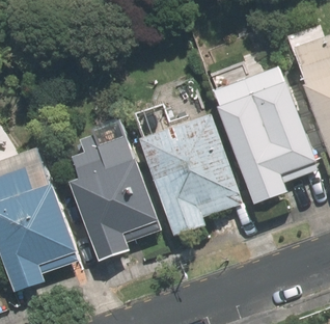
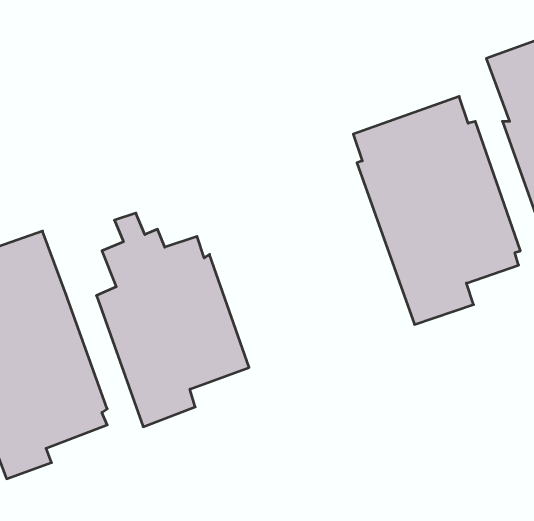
building: [140,116,241,236] -> none

